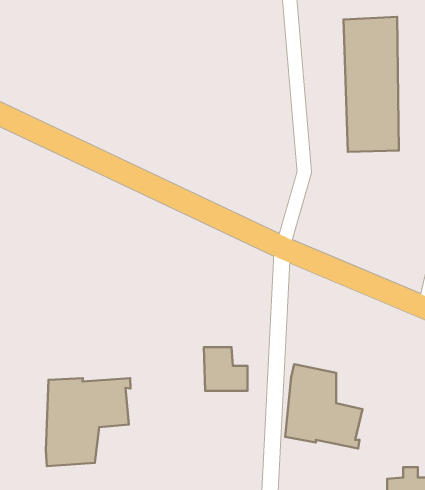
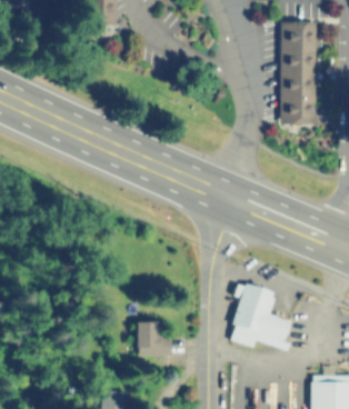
building: [204,347,247,391] -> [140,323,173,357]
building: [46,378,130,466] -> none

